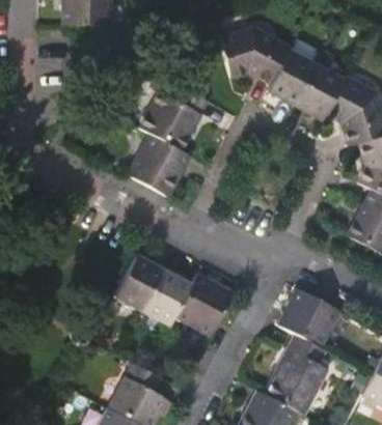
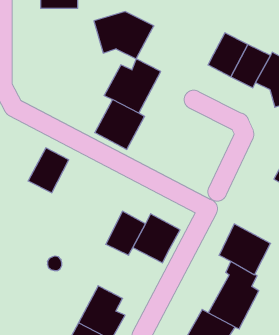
building: [219,28,293,86] -> [94,12,154,59]
building: [113,257,163,312] -> [28,148,69,193]

